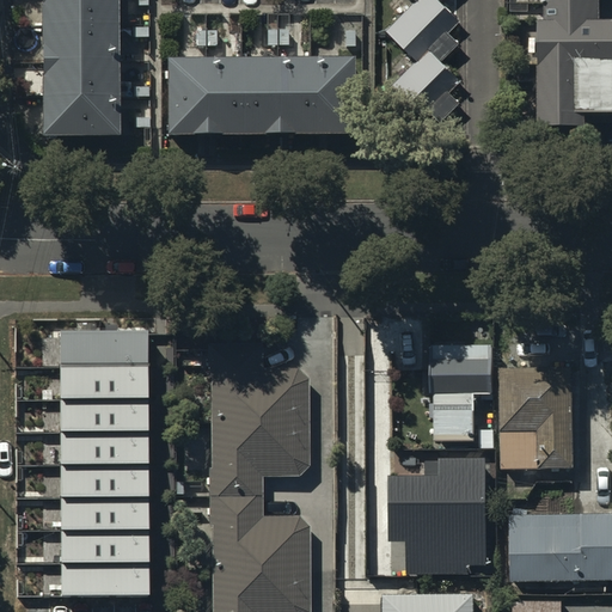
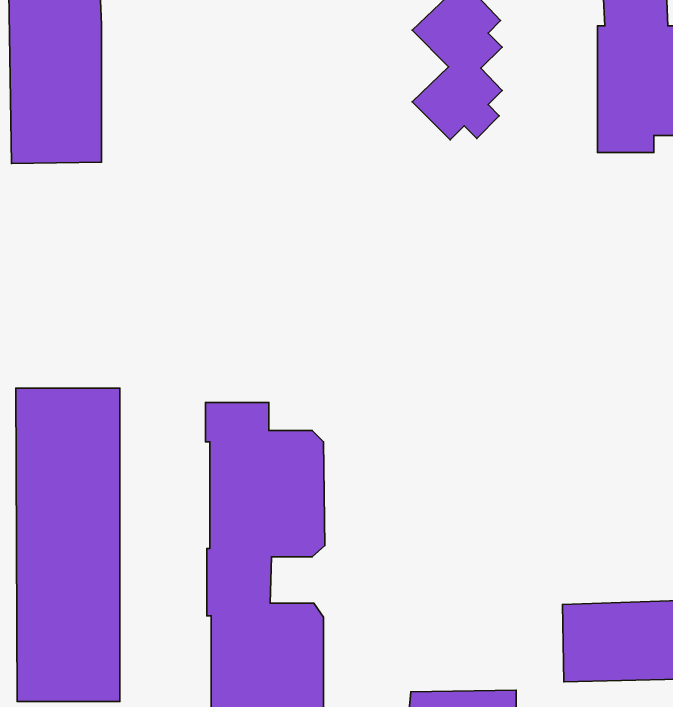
building: [169,51,359,133] -> none
building: [432,343,490,440] -> none
building: [501,371,575,472] -> none
building: [387,454,486,571] -> none

